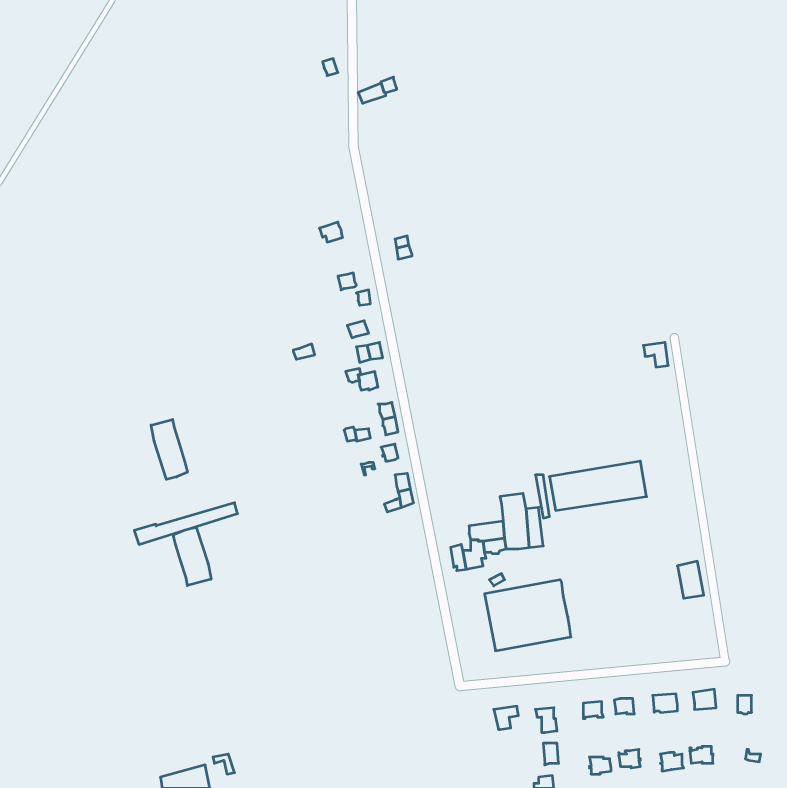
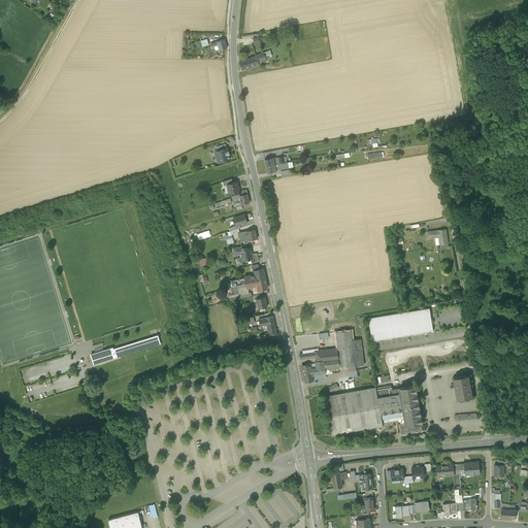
building: [151,419,187,479] -> none
building: [173,527,211,586] -> none
building: none -> [375,386,422,436]

